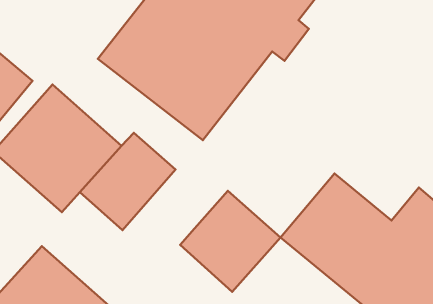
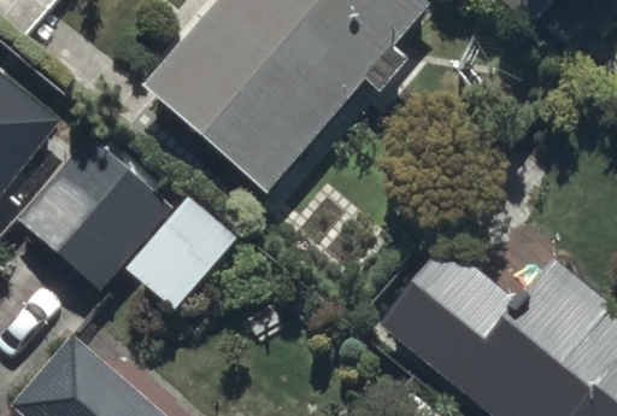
building: [180,191,281,292] -> none

